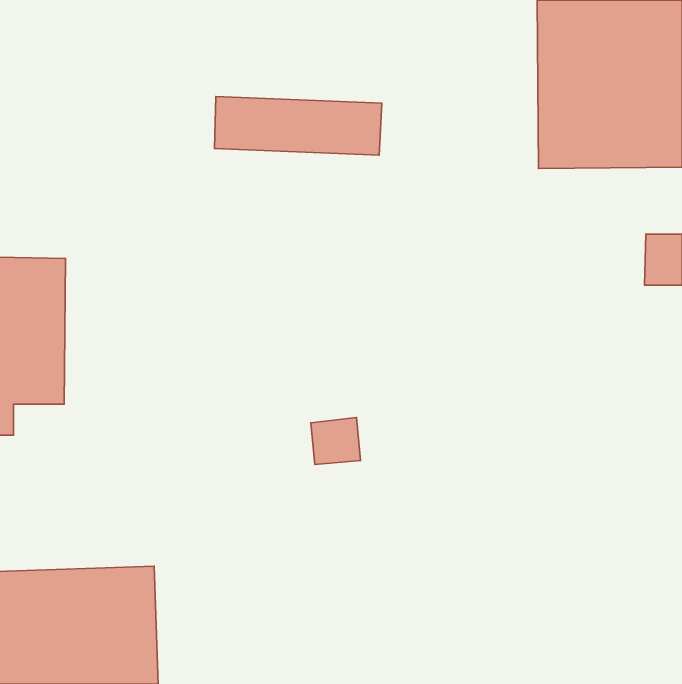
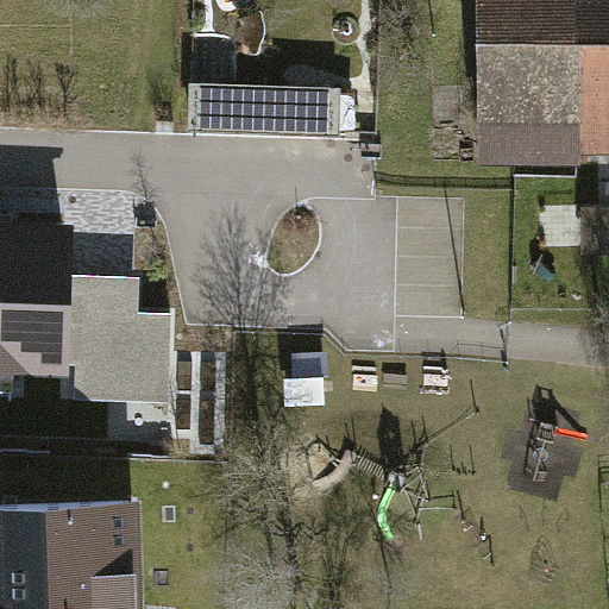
building: none -> [71,285,176,401]

